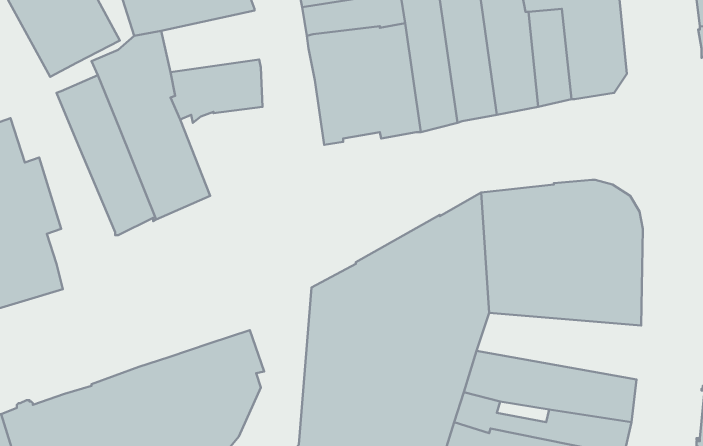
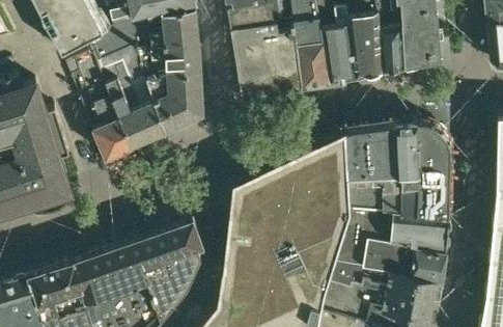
building: none -> [135,11,199,52]
building: none -> [147,75,203,133]
building: none -> [341,210,449,253]

